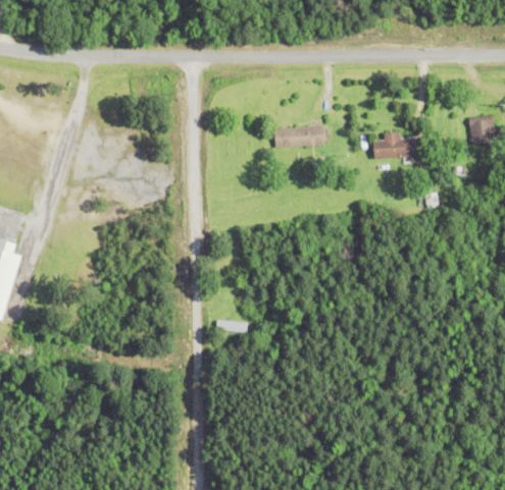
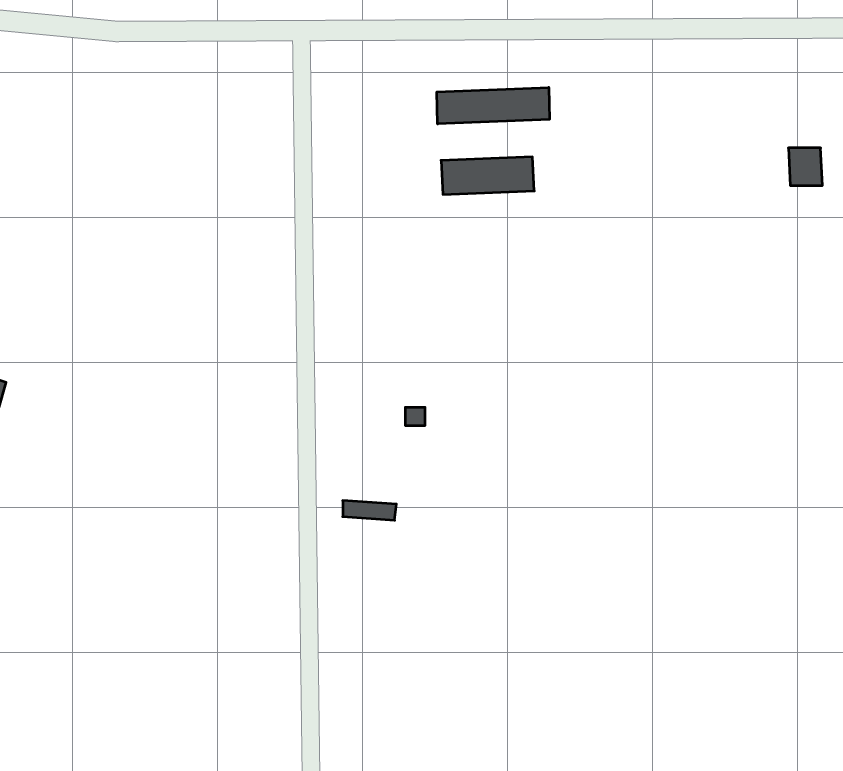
building: none -> [437,87,549,124]
building: [373,131,416,157] -> none

